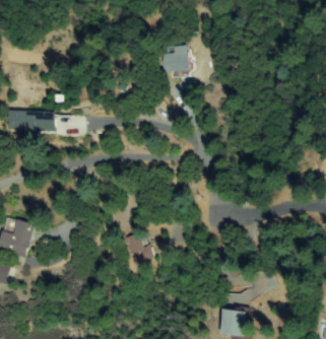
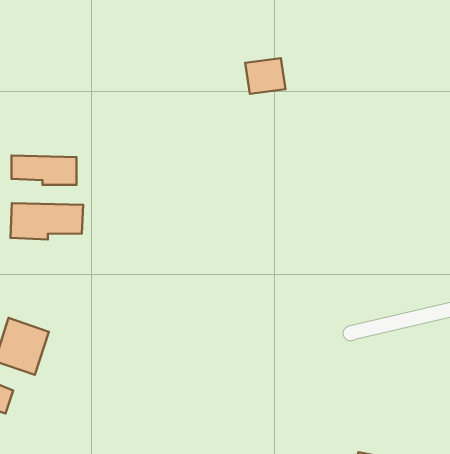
building: none -> [10,203,83,240]
building: [125,234,149,263] -> none

